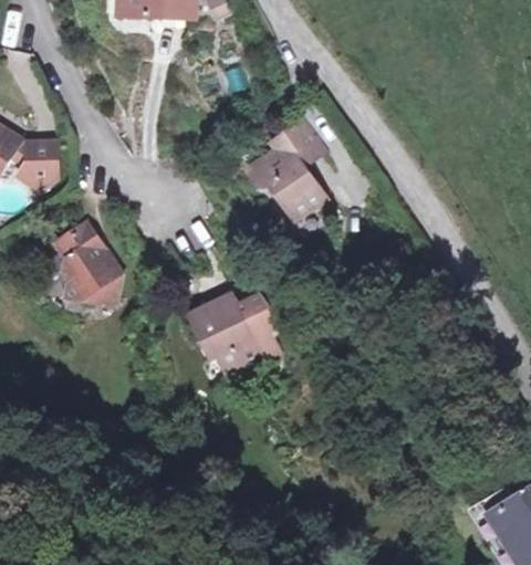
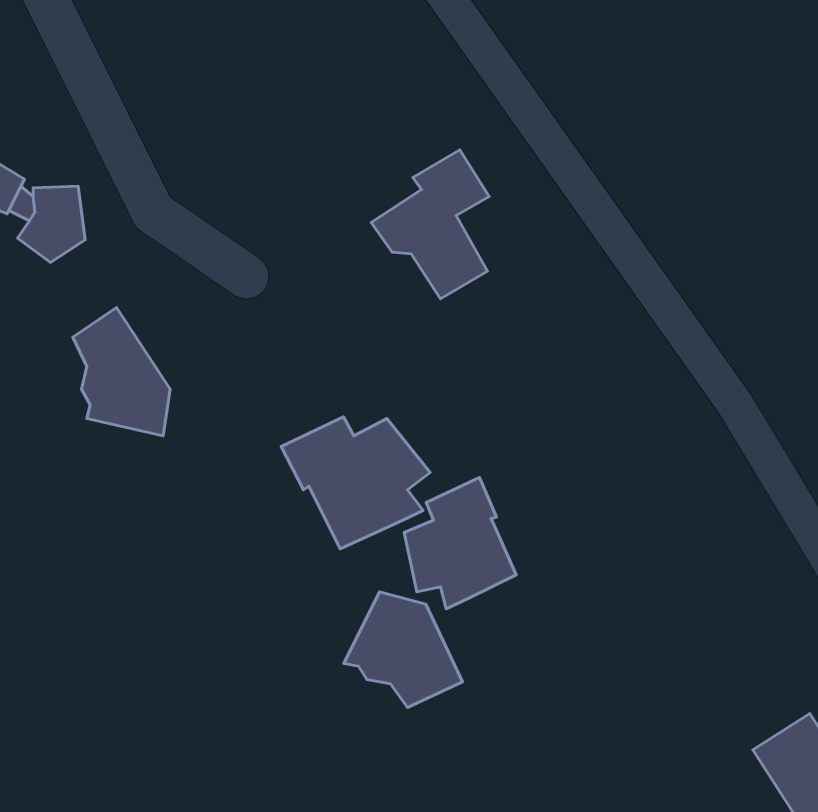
building: none -> [404,477,516,609]
building: none -> [344,592,463,707]

